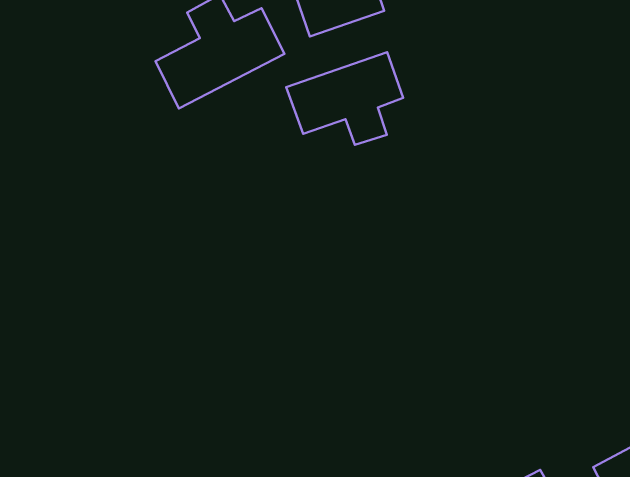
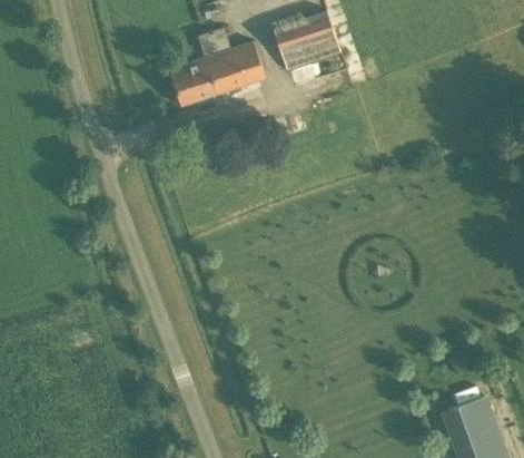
building: [286,52,403,145] -> none

